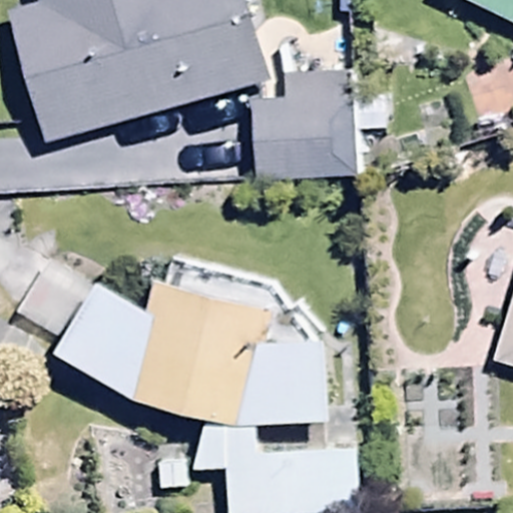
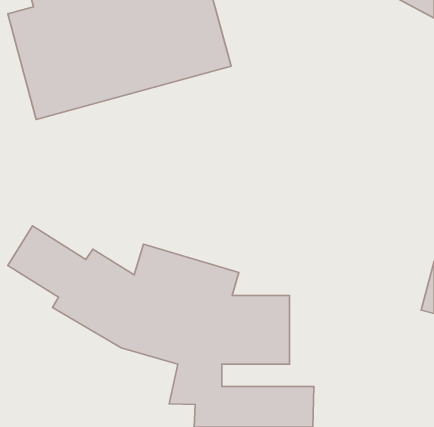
building: [250,72,383,176] -> none

